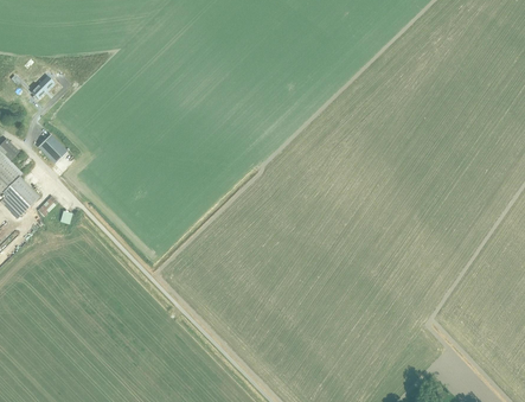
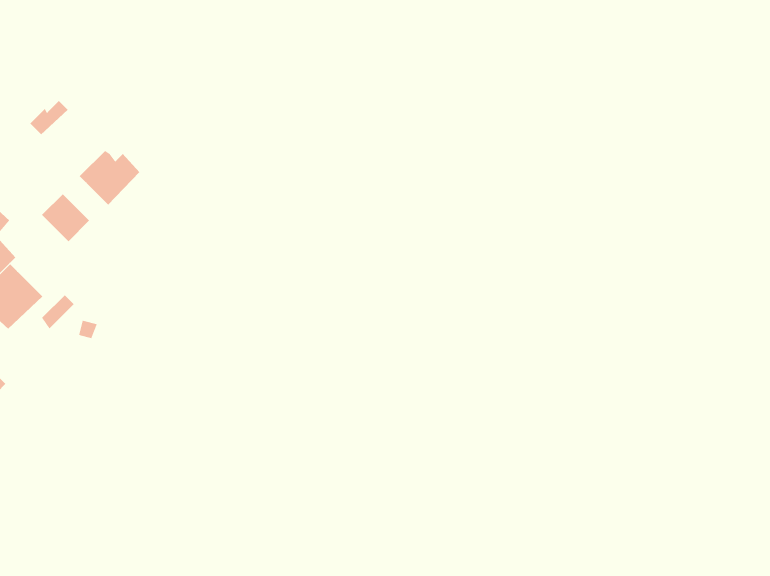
building: none -> [79,150,140,206]

